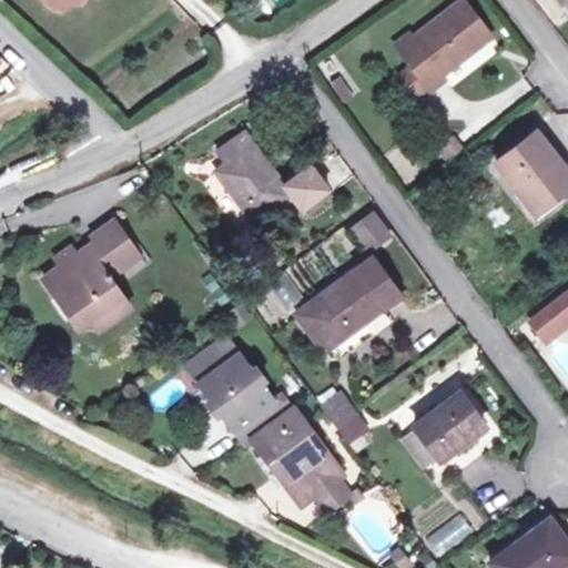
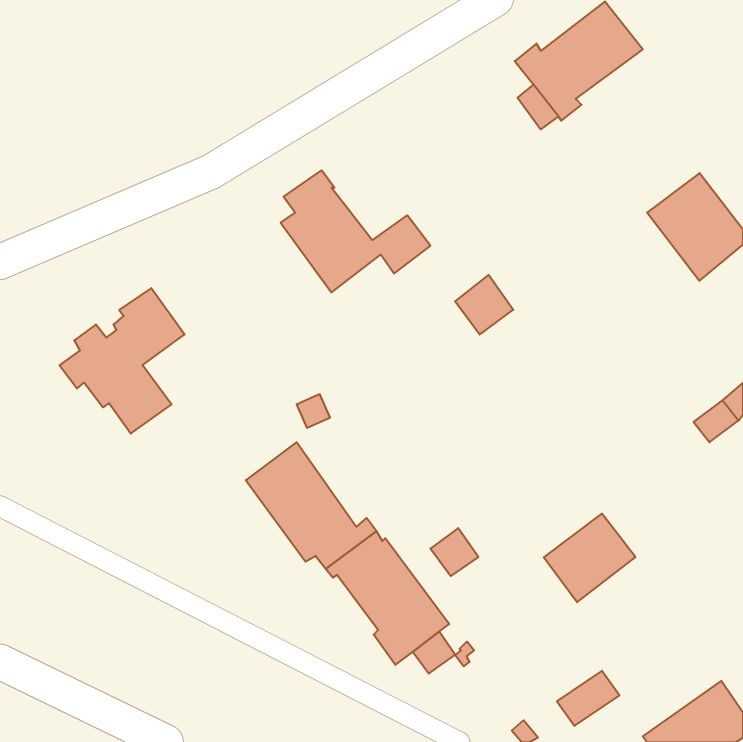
building: [296,257,399,352] -> none

